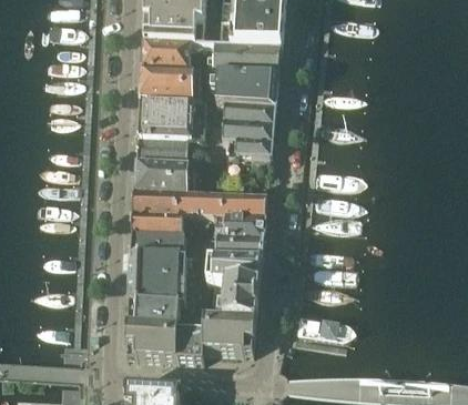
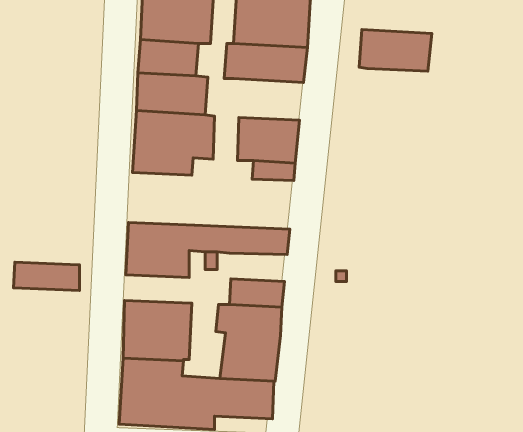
building: [217,71,277,105] -> [359,30,432,71]
building: [133,149,189,192] -> none
building: [215,215,264,239] -> none
building: [130,233,184,256] -> [14,262,80,290]

